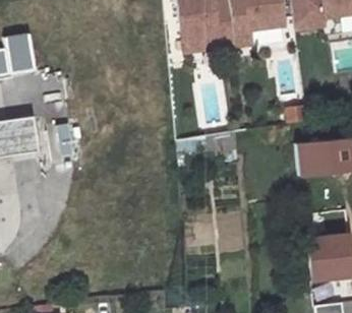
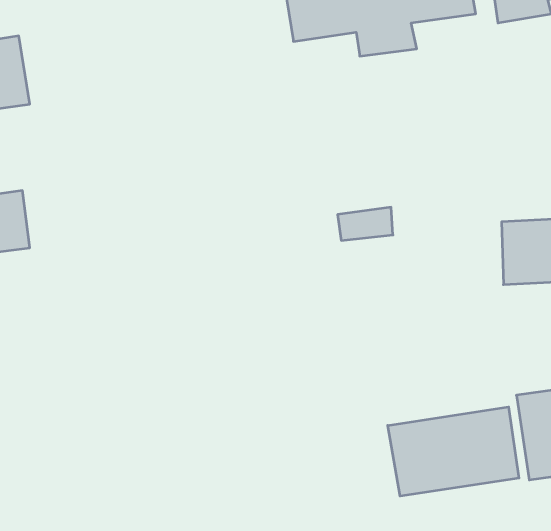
building: none -> [388,407,519,496]

